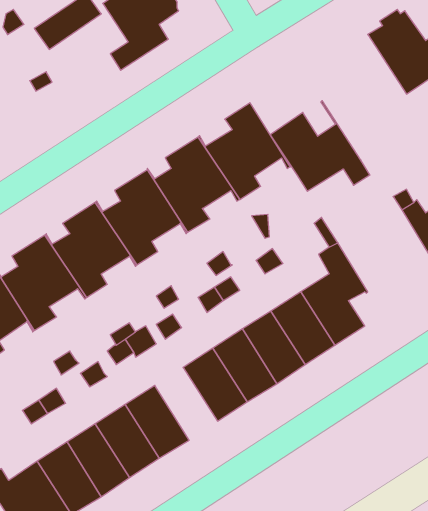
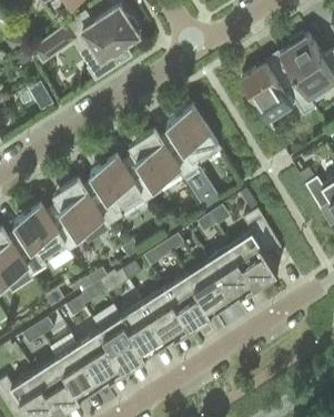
building: [270,101,370,191] -> [242,53,316,121]
building: none -> [122,302,169,356]

